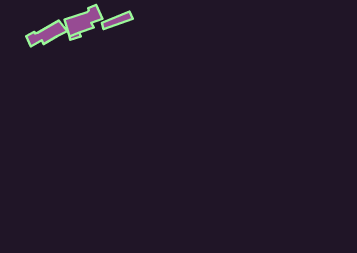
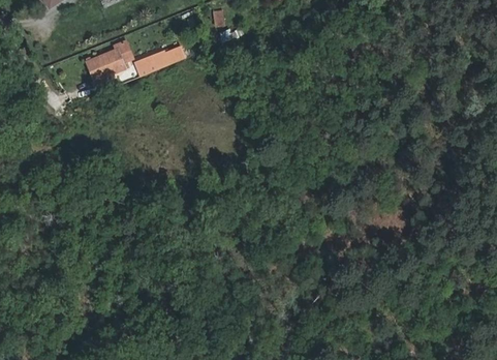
building: [26,20,67,46] -> none

